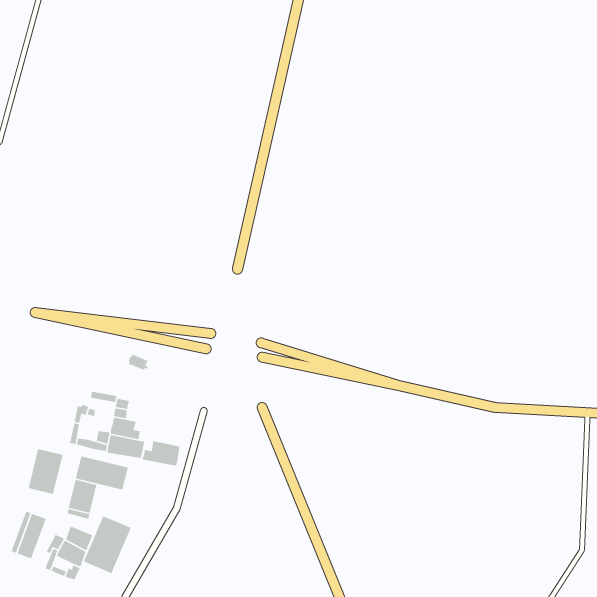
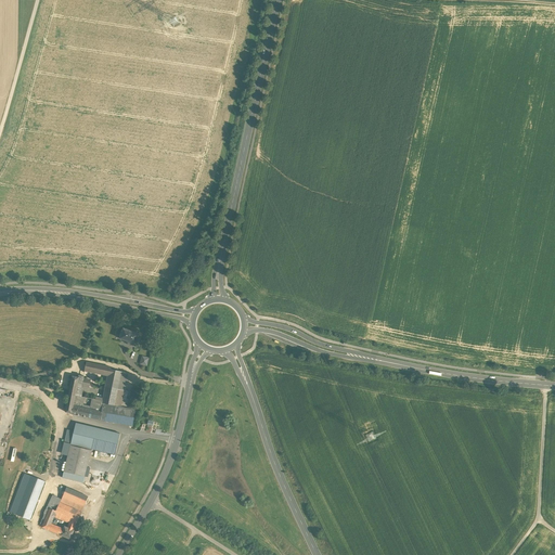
building: [141,441,180,467] -> none
building: [28,448,63,495] -> none
building: [83,515,132,574] -> none

